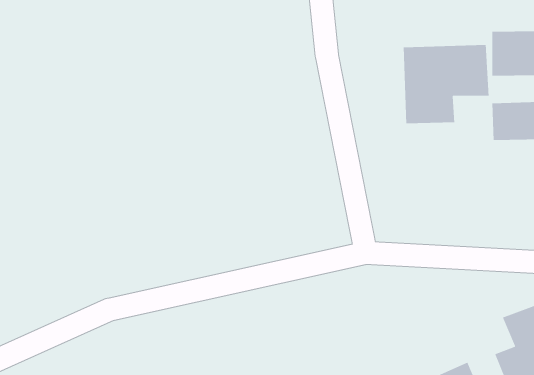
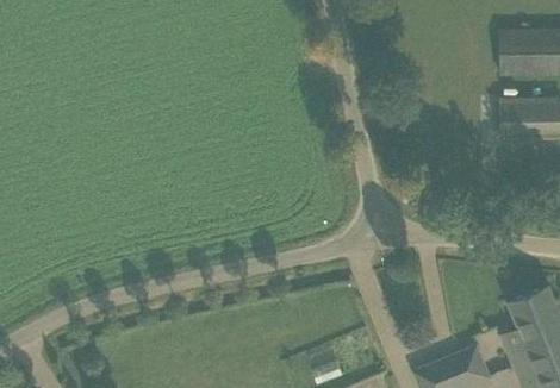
building: [403,44,490,124] -> none

